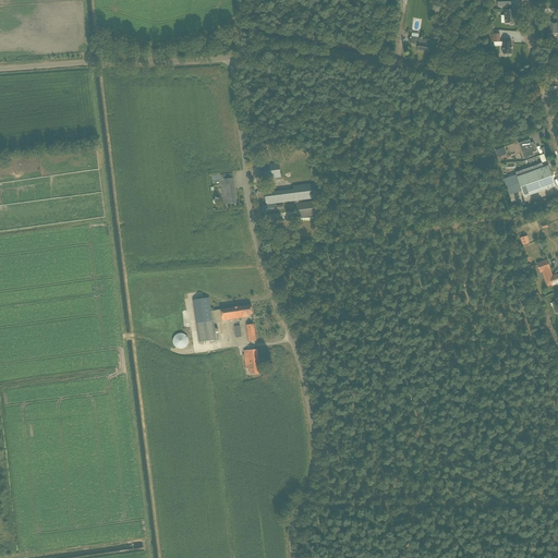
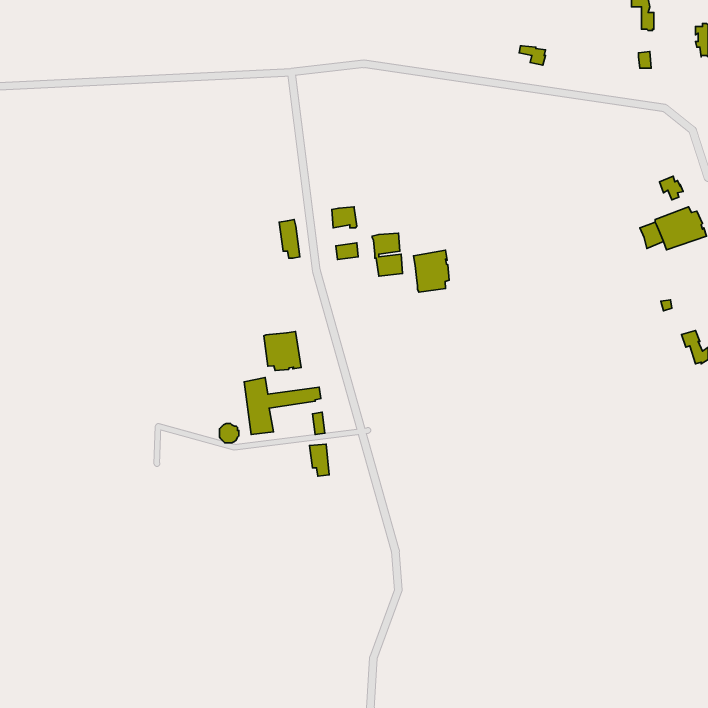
building: none -> [414,250,449,292]
building: none -> [264,331,301,371]

